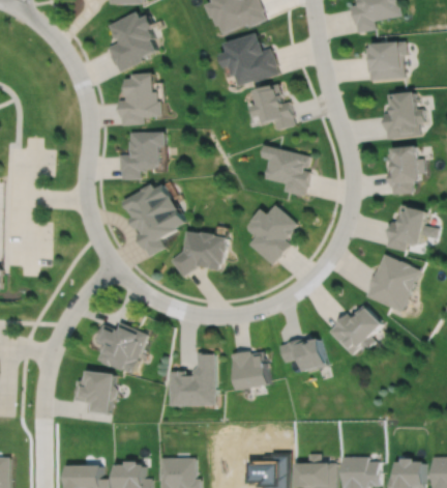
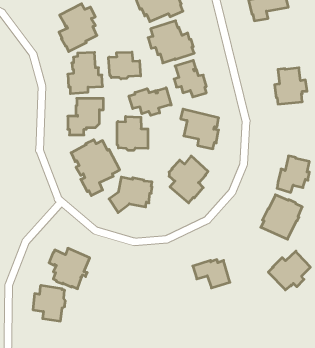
building: [365,40,406,80] -> none
building: none -> [108,52,141,79]
building: none -> [129,88,171,115]
building: [388,146,424,195] -> none
building: none -> [117,116,148,150]
building: [328,306,382,355] -> [268,251,310,290]
building: [168,352,215,406] -> none
building: [230,352,268,393] -> none

